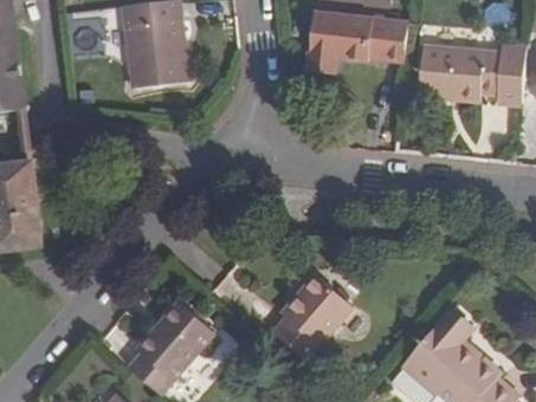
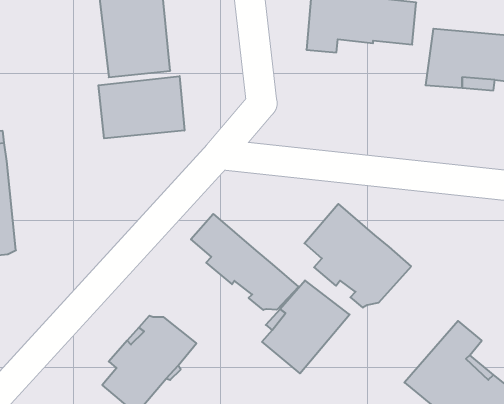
building: none -> [98,76,184,138]
building: none -> [304,204,411,308]
building: none -> [191,214,299,310]

